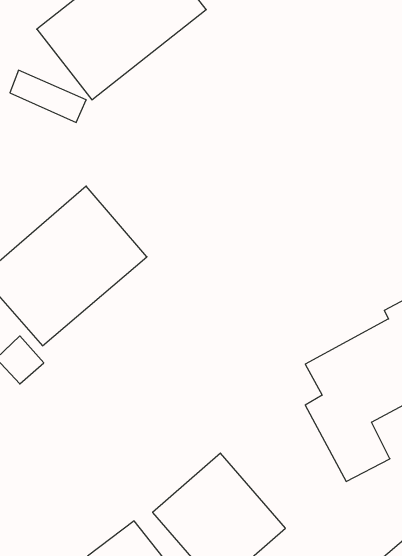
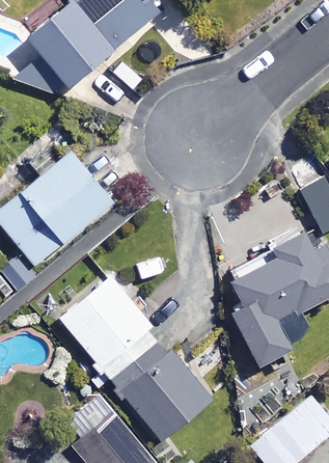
building: none -> [59,275,162,380]

